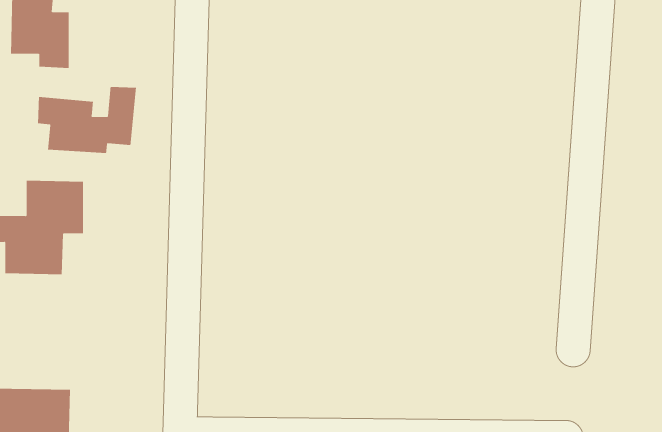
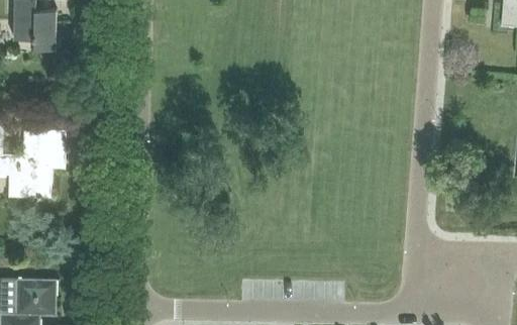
building: [37,86,136,154] -> none

